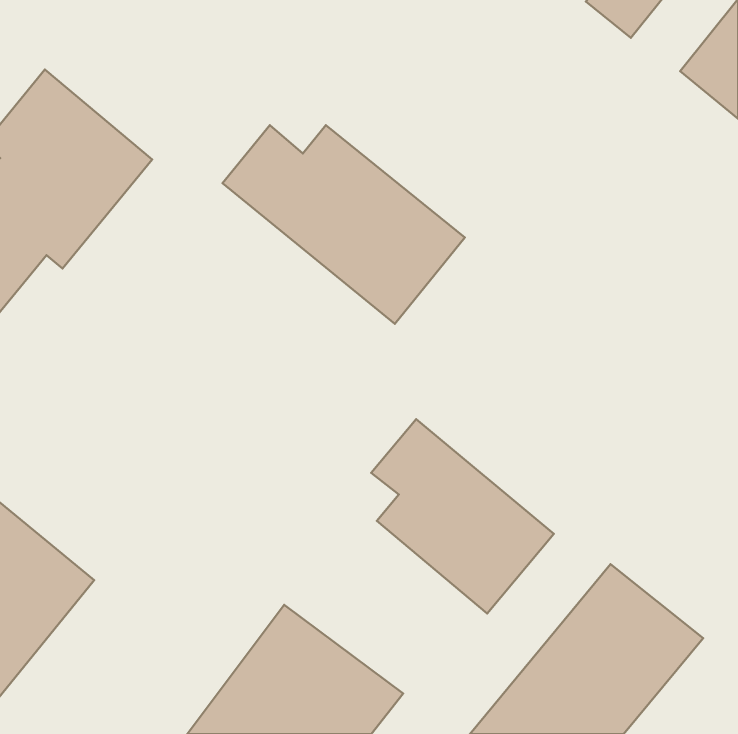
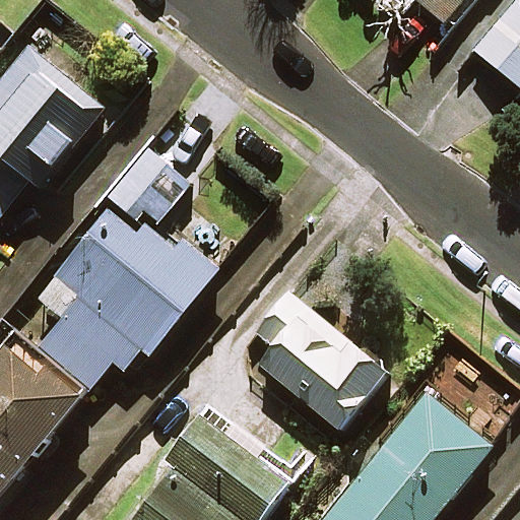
building: [223,125,465,324] -> none
building: none -> [32,151,210,391]

